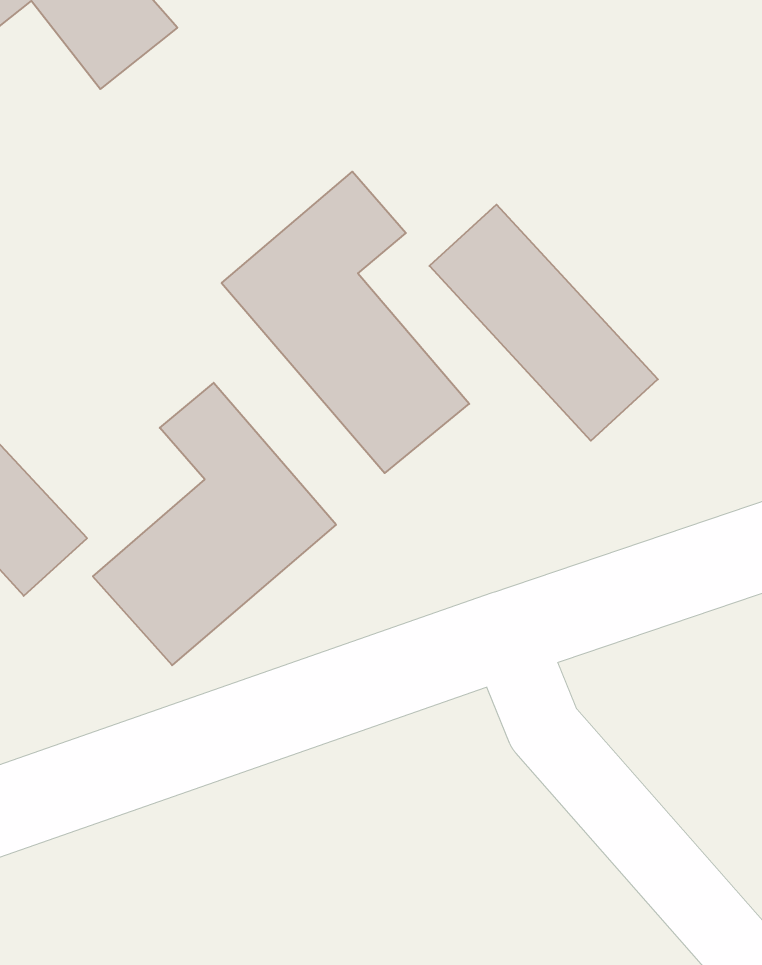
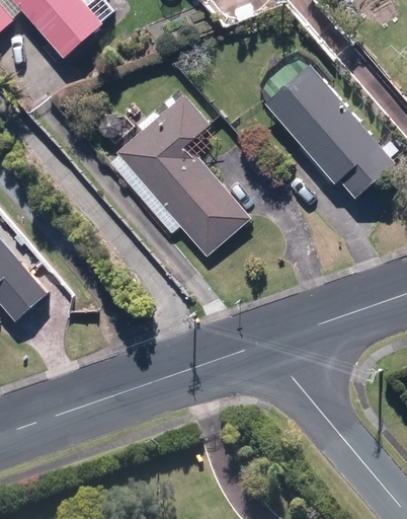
building: [429,205,658,441] -> [268,72,389,197]
building: [93,383,336,665] -> none

